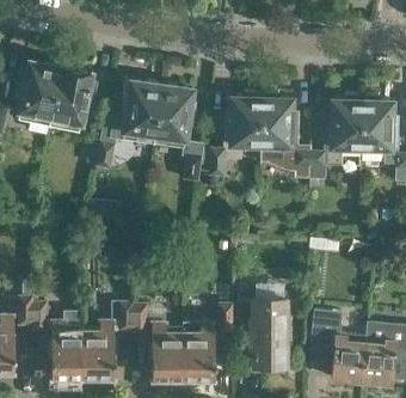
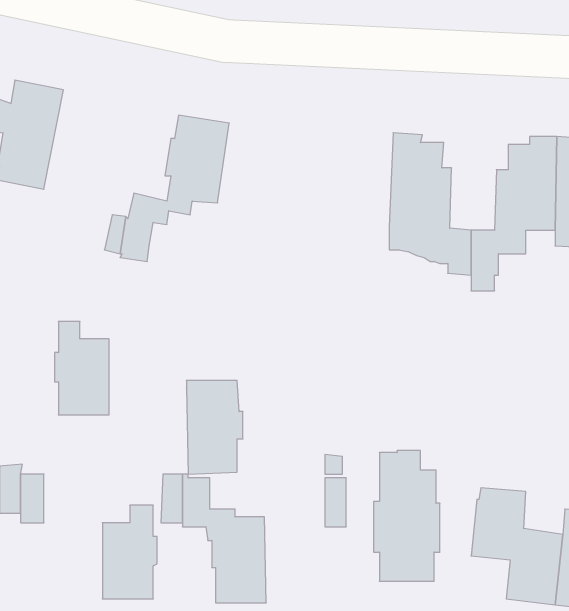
building: [48,65,96,131] -> none
building: [154,85,204,182] -> none
building: [210,91,262,176] -> none
building: [50,319,84,376] -> [55,321,109,415]
building: [183,322,217,379] -> [186,380,243,474]

